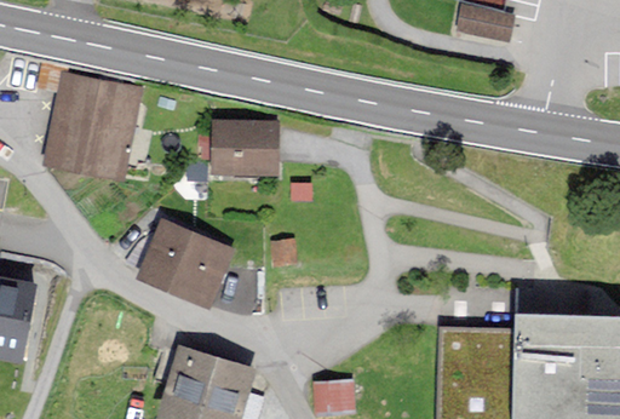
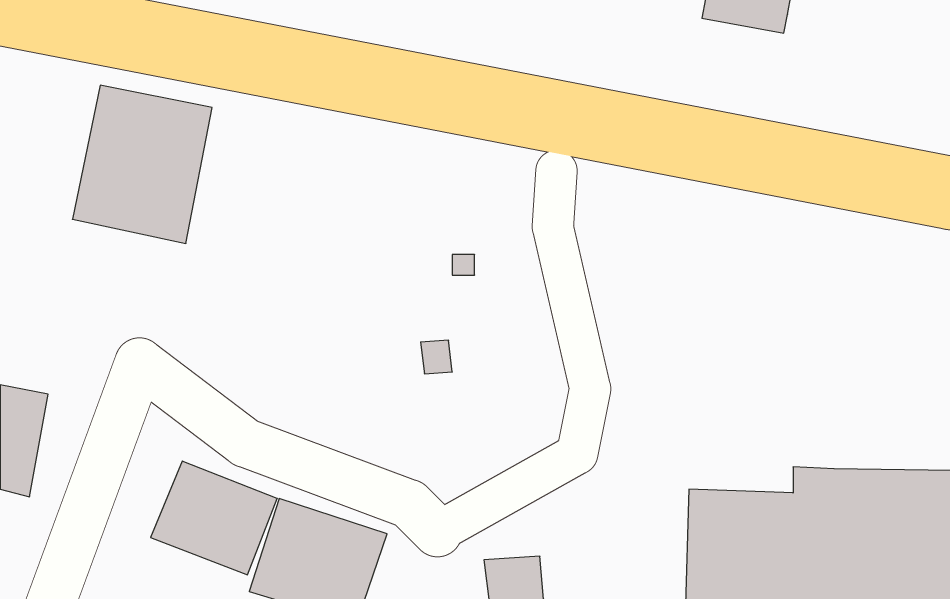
building: [216,121,276,171] -> none
building: [145,225,228,299] -> [151,461,277,575]

